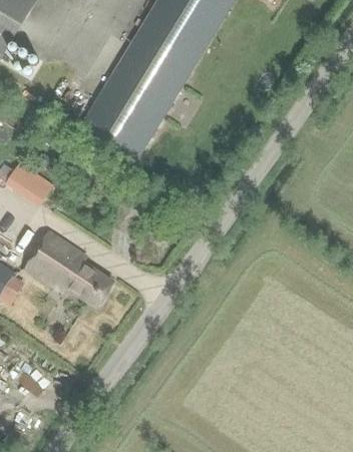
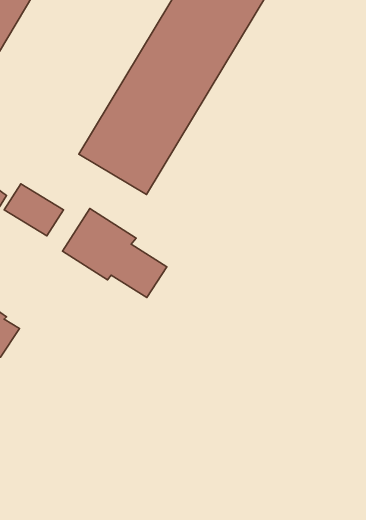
building: [23,231,111,306] -> [62,209,167,298]

